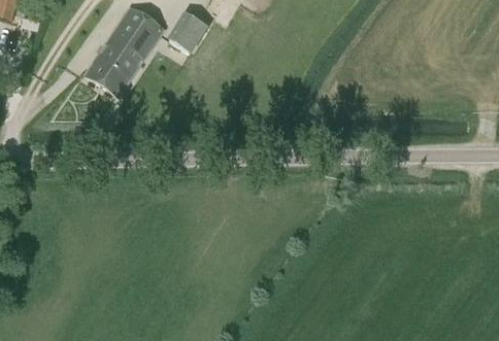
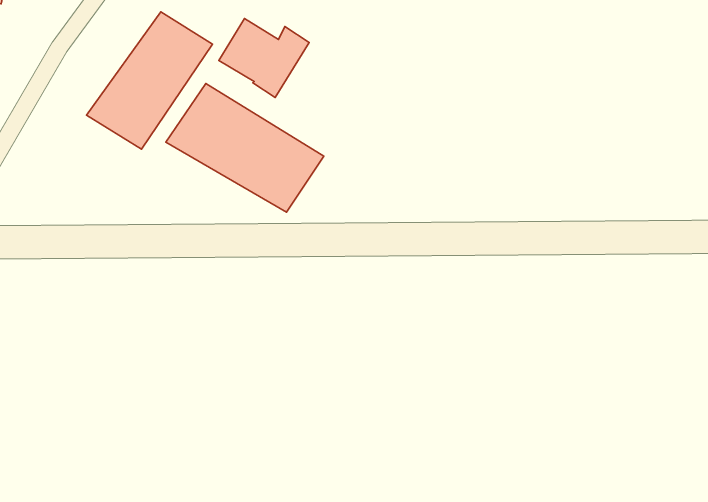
building: none -> [166,83,324,212]

